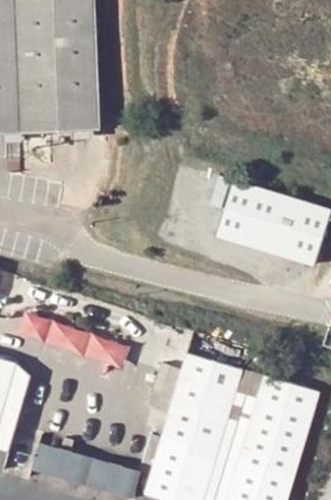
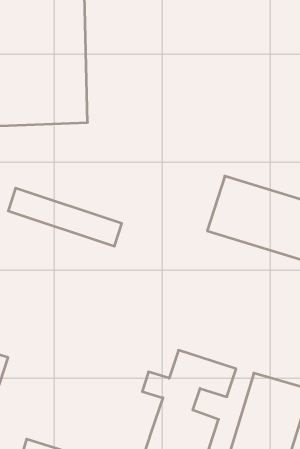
building: [23,311,135,368] -> [8,188,122,246]

